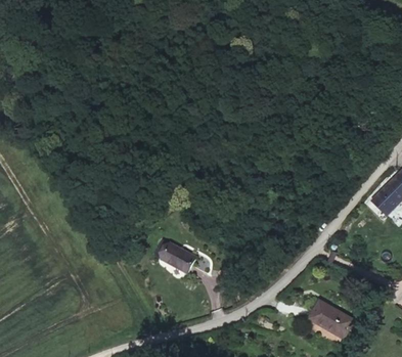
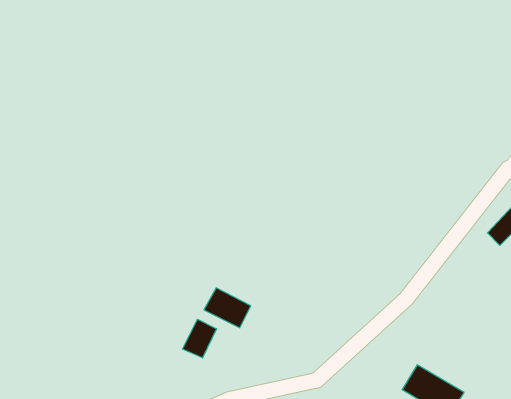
building: none -> [183,319,217,358]

